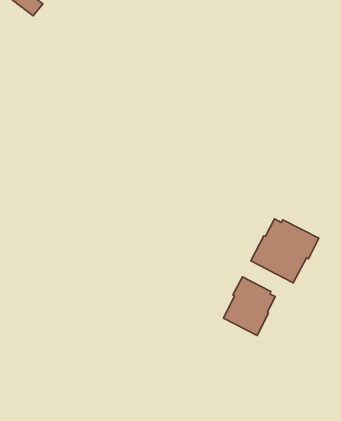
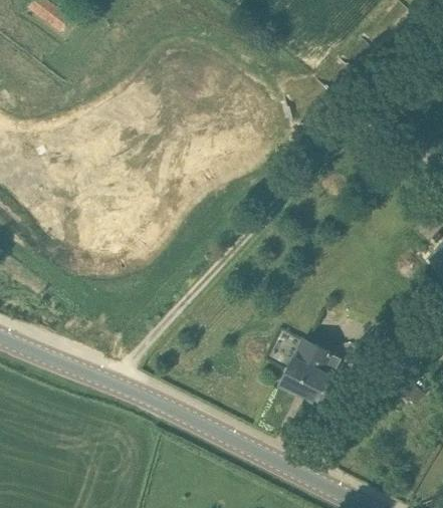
building: [251,219,319,283] -> none

